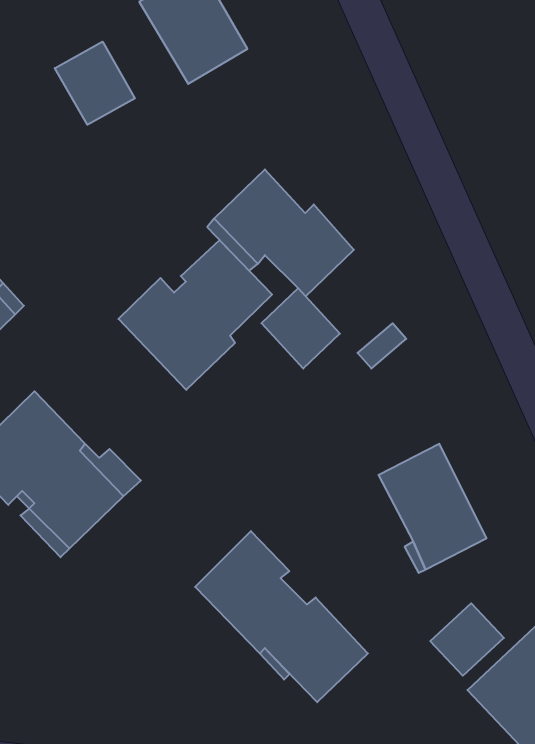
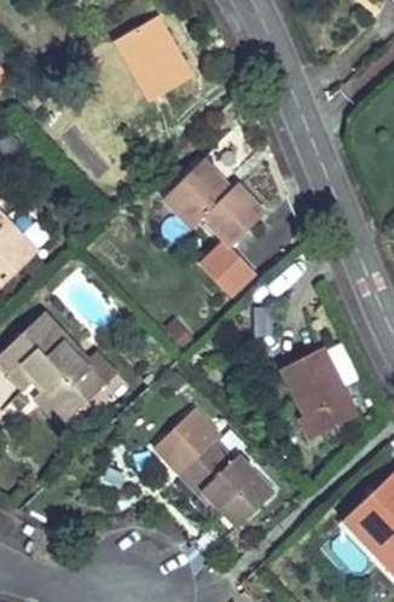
building: [55,42,135,125] -> none
building: [118,240,272,390] -> none
building: [430,603,504,676] -> none

